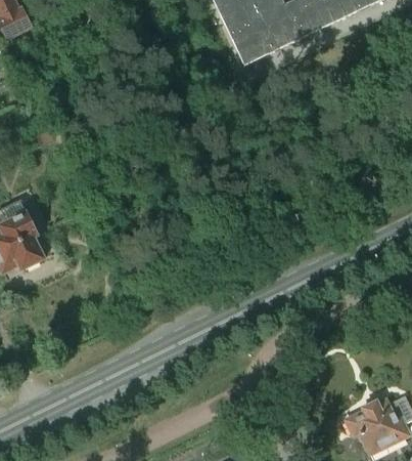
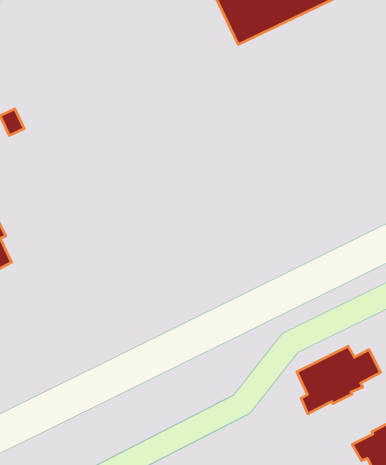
building: none -> [297,346,380,414]

